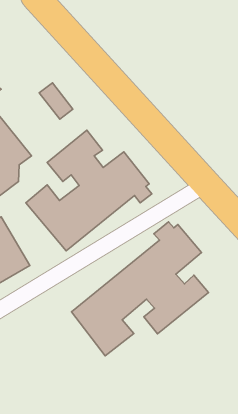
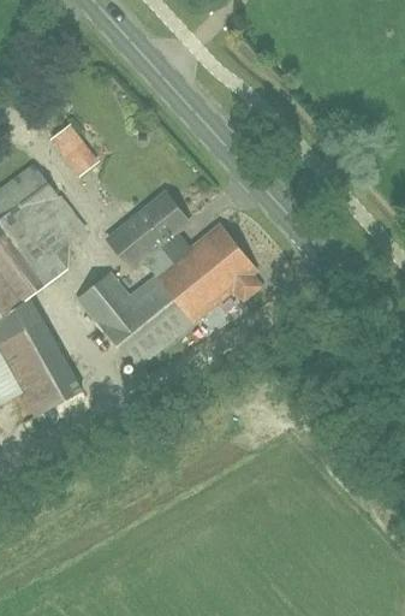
building: [39,83,73,119] -> [49,119,99,172]
building: [72,222,208,356] -> none

